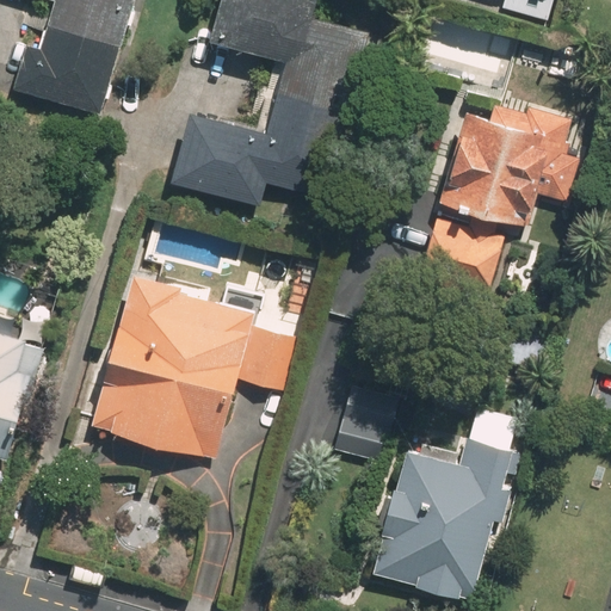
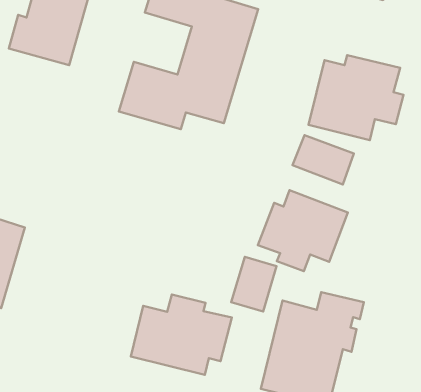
building: [91,272,298,458] -> none
building: none -> [258,190,348,271]
building: none -> [131,295,232,375]

